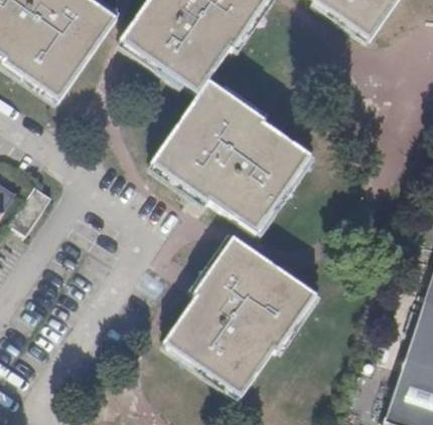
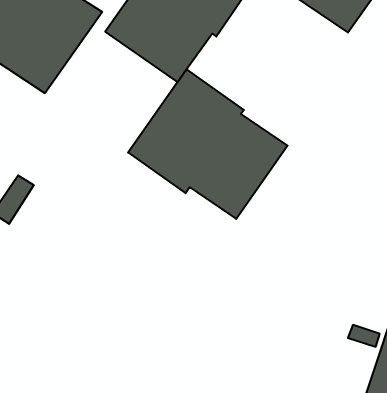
building: [165,240,319,398] -> none

